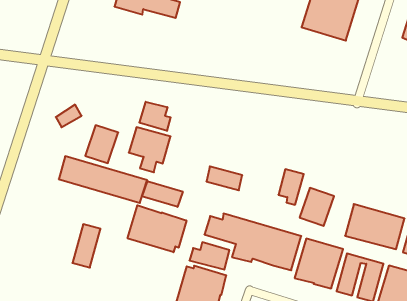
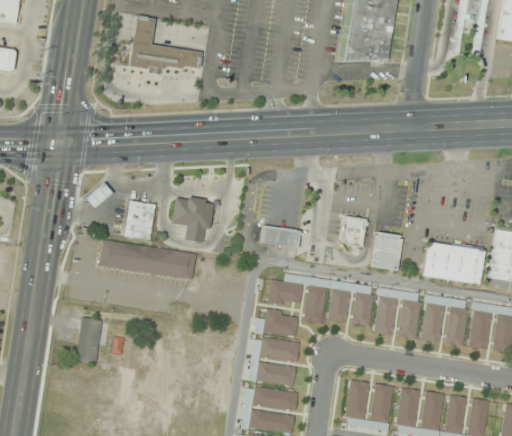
building: [139,102,171,131] -> none
building: [142,181,183,207] -> none
building: [128,205,186,252] -> none
building: [72,224,101,268] -> [77,317,102,363]

